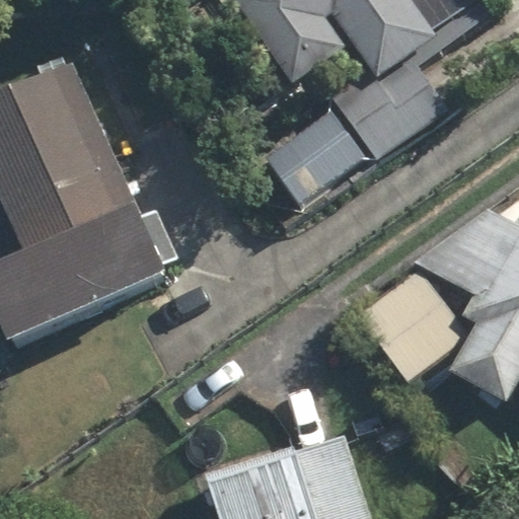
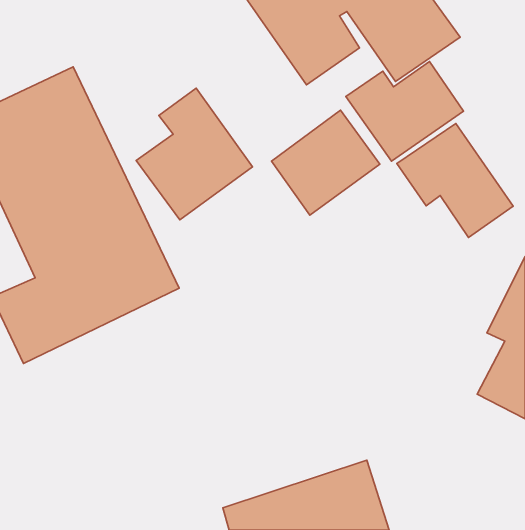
building: none -> [136,88,253,220]
building: none -> [397,123,513,237]
building: [354,268,467,381] -> none

